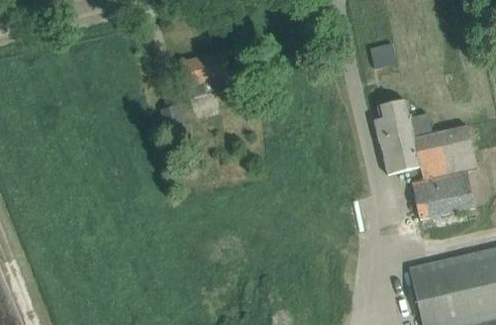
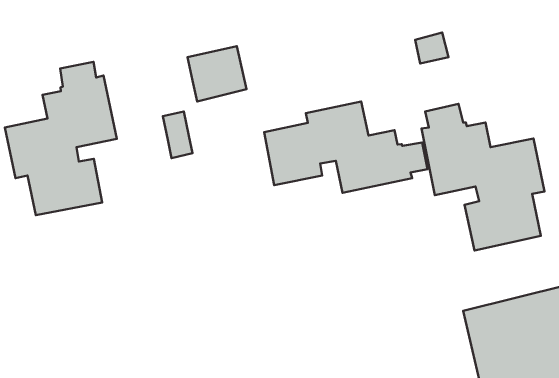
building: none -> [5,62,117,215]
building: none -> [264,102,427,193]

